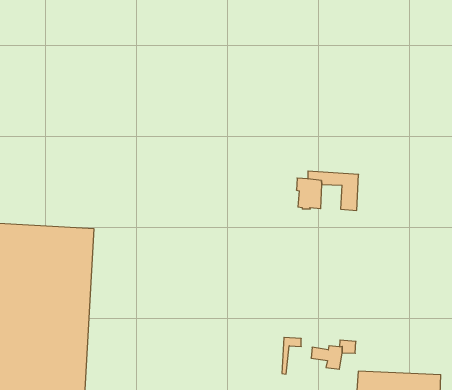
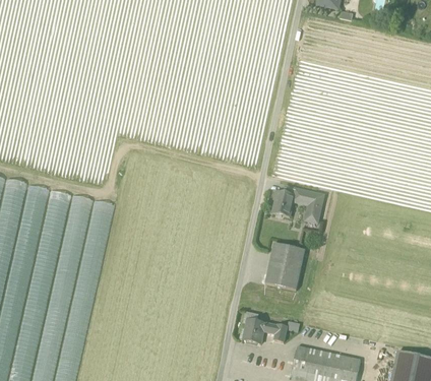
building: none -> [265,243,305,290]
building: none -> [242,318,265,343]

